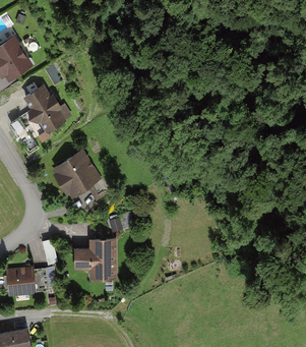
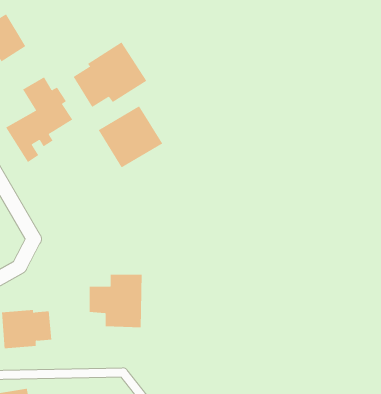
building: none -> [73,42,147,108]
building: [52,150,103,198] -> [98,105,163,168]

